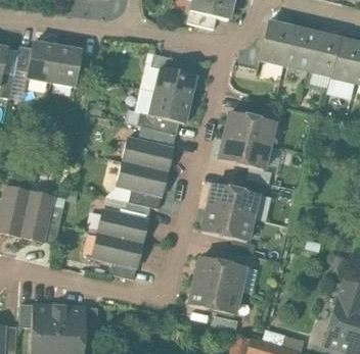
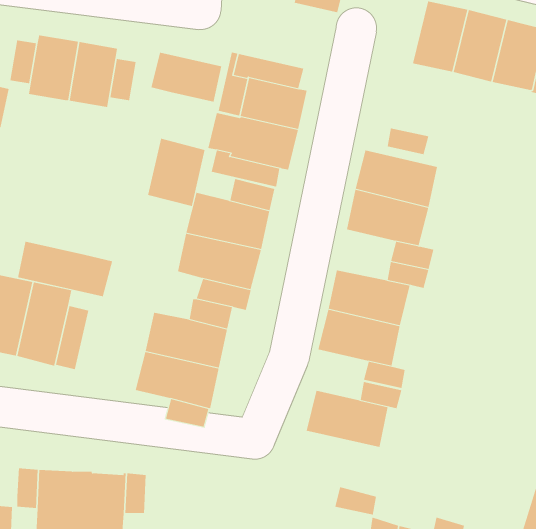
building: none -> [151,52,222,103]
building: none -> [147,138,205,207]
building: none -> [18,241,113,297]
building: [189,281,239,314] -> none

